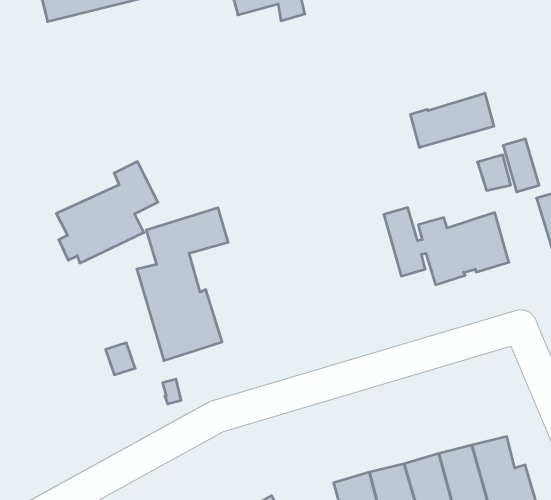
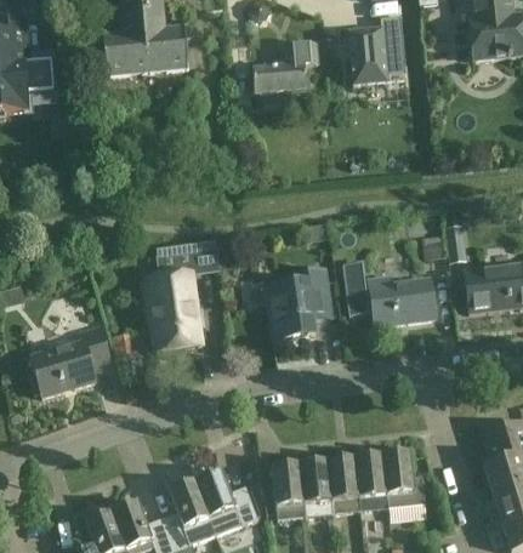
building: [411,93,494,148] -> none
building: [56,162,158,263] -> [29,325,110,397]
building: none -> [266,267,330,338]

